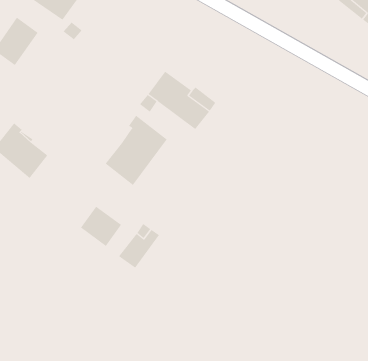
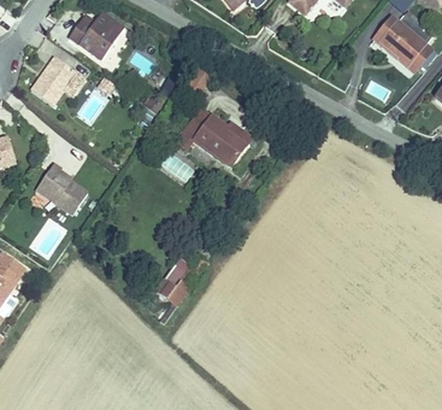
building: [105,115,168,186] -> none
building: [80,206,122,247] -> none

